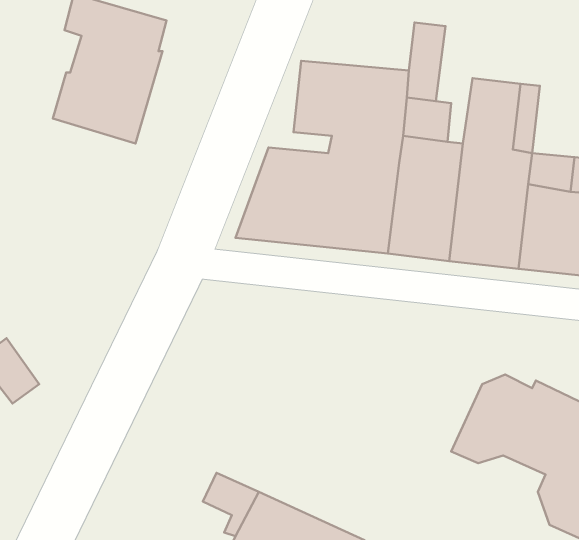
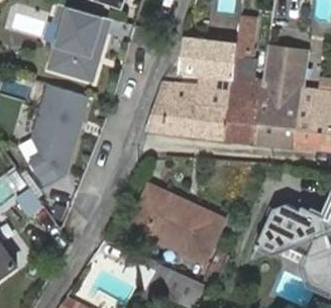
building: none -> [30,84,88,185]
building: none -> [130,190,224,262]

